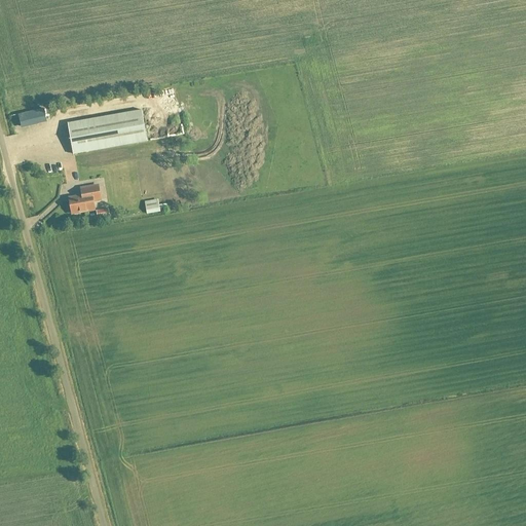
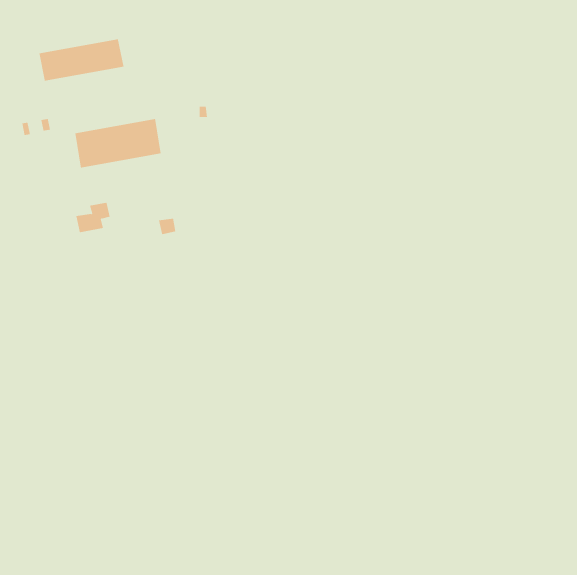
building: none -> [39,38,124,81]

